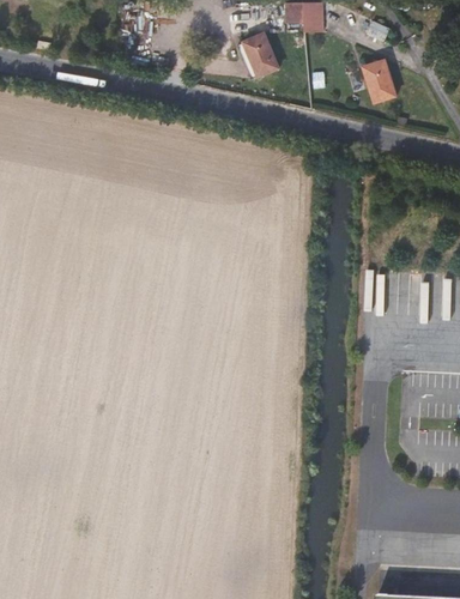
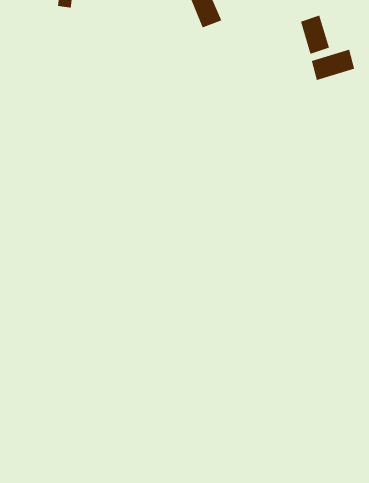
building: none -> [311,49,355,81]

